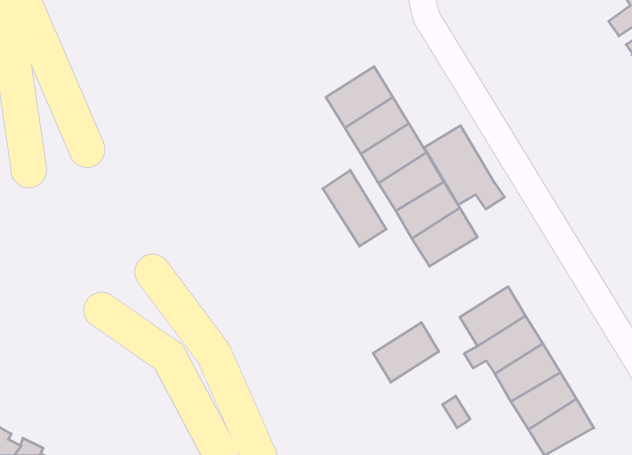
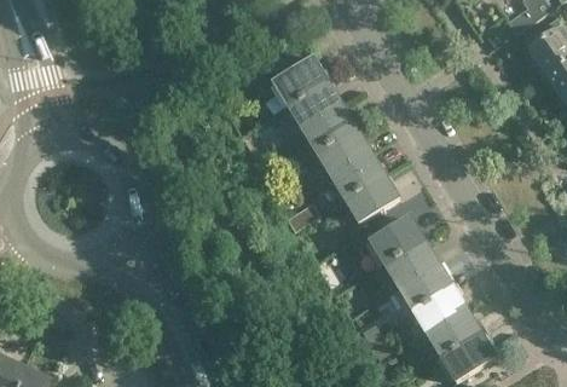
building: [424,126,504,209] -> none
building: [323,170,386,246] -> none
building: [373,322,439,382] -> [371,216,426,266]

